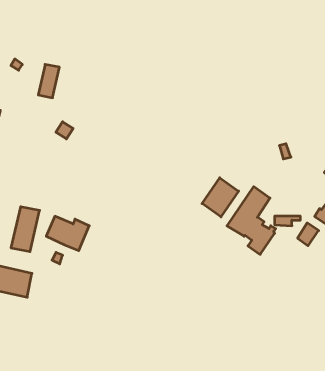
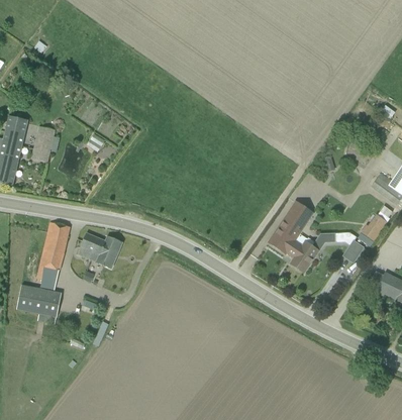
building: [38,64,59,98] -> [32,126,55,162]
building: [202,178,239,217] -> none

